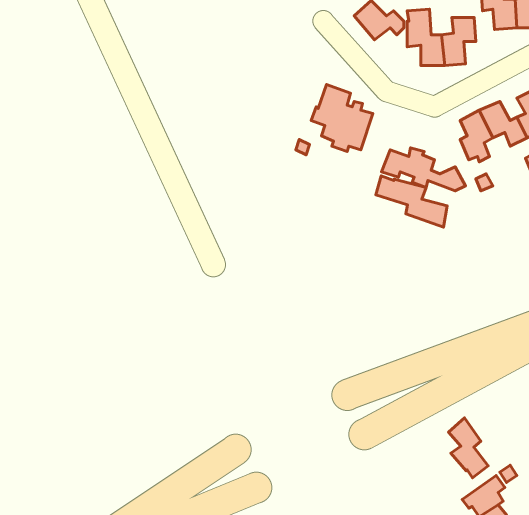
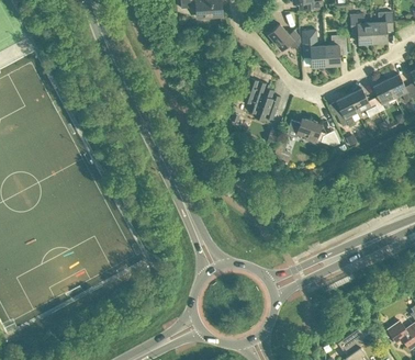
building: [376,176,447,227] -> none
building: [449,418,488,478] -> none

